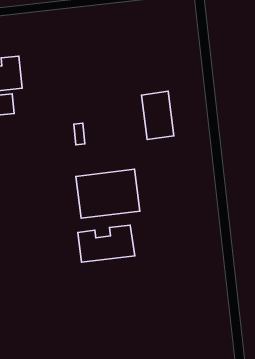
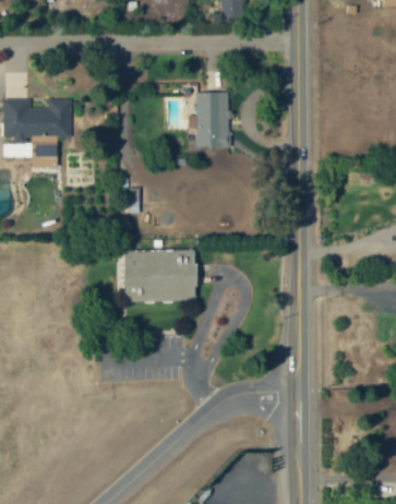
building: [142,91,174,140] -> [195,92,229,147]
building: [78,225,135,262] -> none

